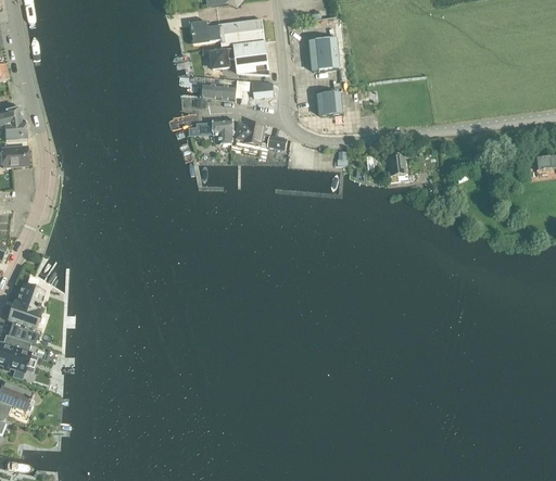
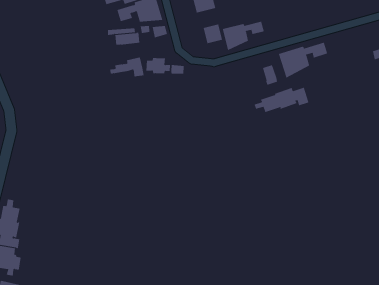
building: none -> [222,21,264,51]
building: none -> [278,42,328,78]
building: none -> [254,87,309,113]

